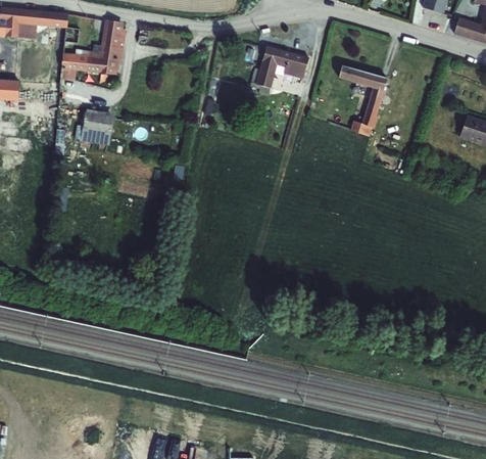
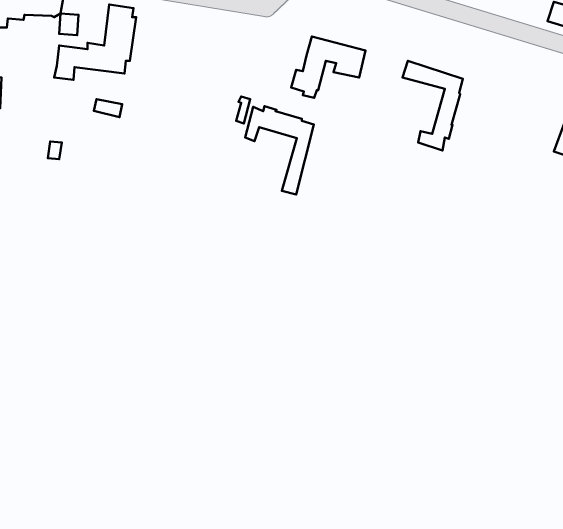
building: none -> [245,106,314,194]
building: [76,108,114,145] -> none

